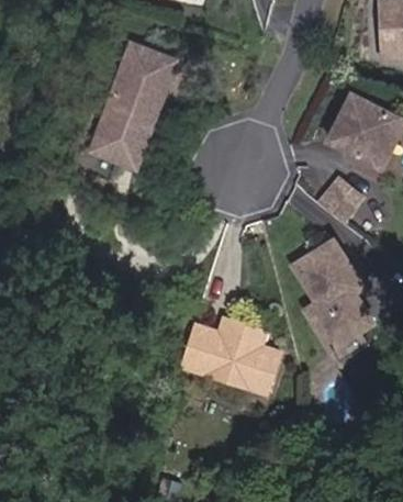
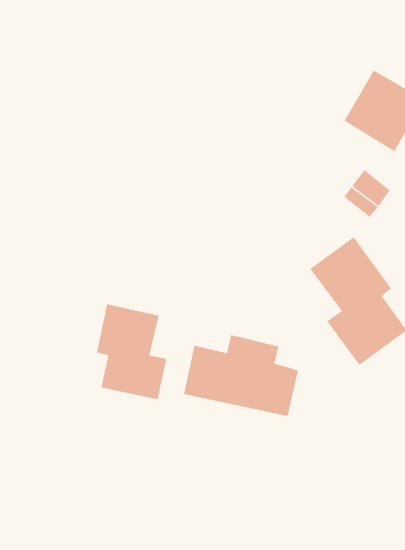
building: [87,54,178,189] -> none
building: none -> [96,304,167,400]

